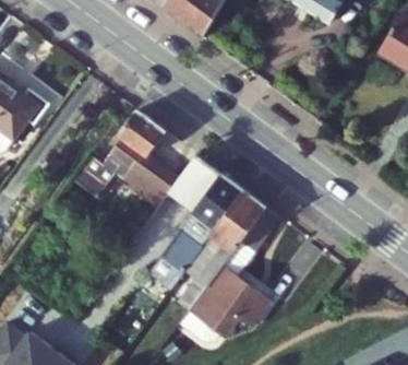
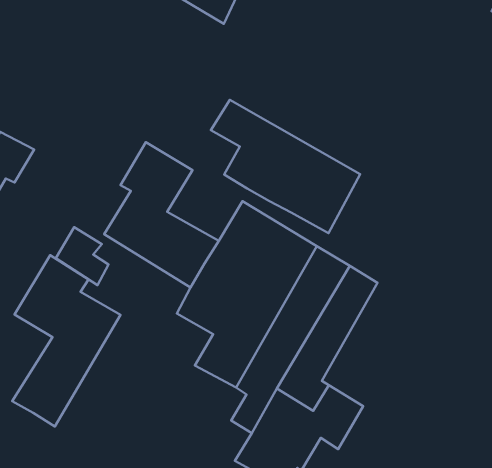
building: none -> [211,100,360,233]
building: none -> [12,255,121,427]

